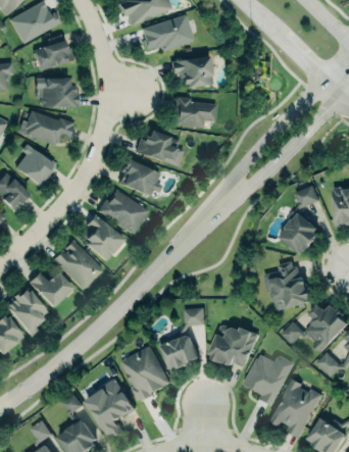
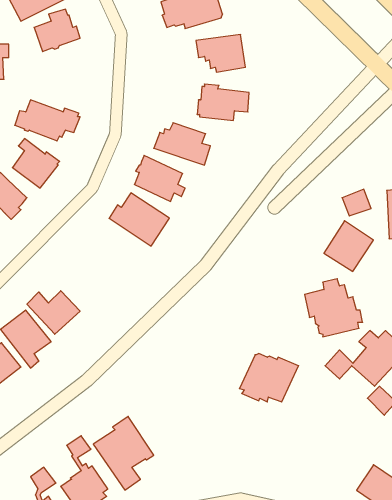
building: [35,77,78,106] -> none
building: [82,214,123,260] -> none
building: [51,239,101,289] -> none
building: [158,307,204,368] -> none
building: [119,346,169,401] -> none
building: [242,354,293,405] -> none
building: [267,378,321,437] -> none

